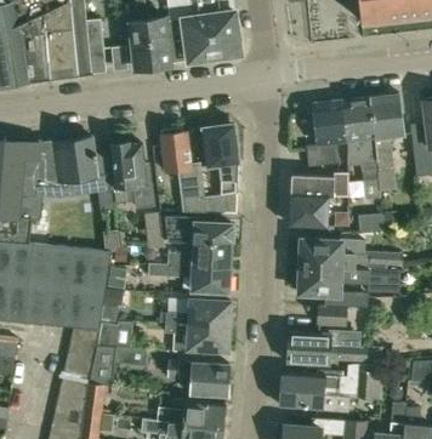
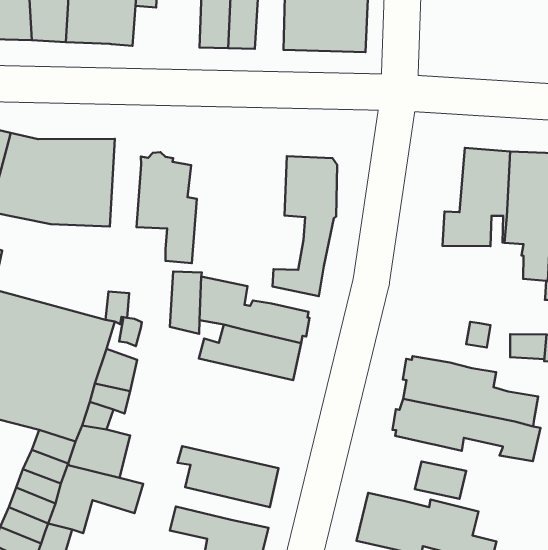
building: [160,129,206,212] -> none
building: [290,173,348,228] -> none
building: [148,264,229,292] -> none
building: [166,300,231,326] -> none

